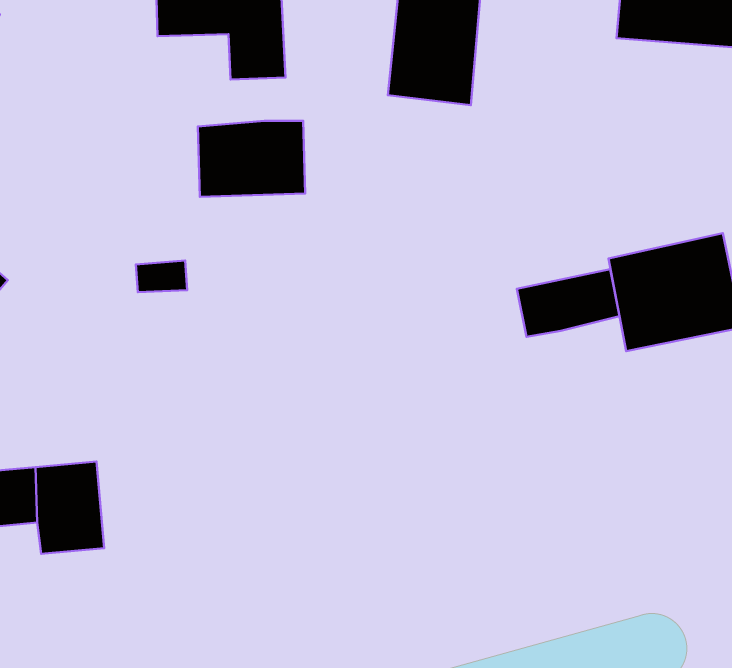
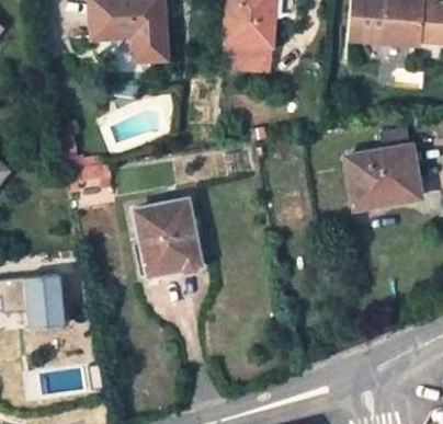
building: [198,121,305,197] -> none
building: [517,269,620,337] -> none
building: none -> [137,199,201,276]

